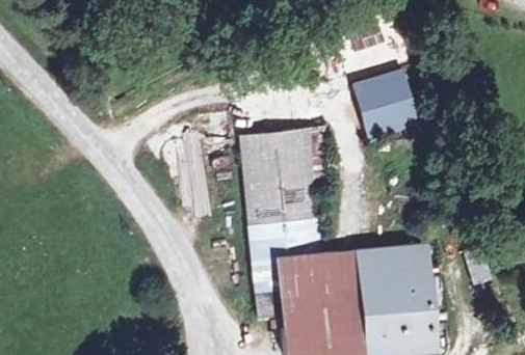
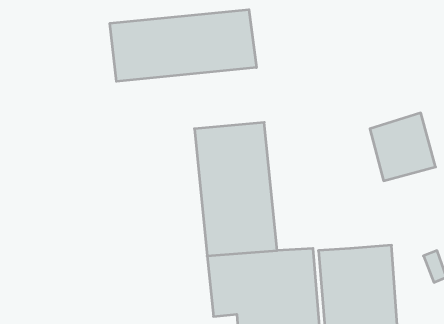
building: none -> [110,10,256,81]
building: [353,72,418,138] -> [370,113,436,181]

